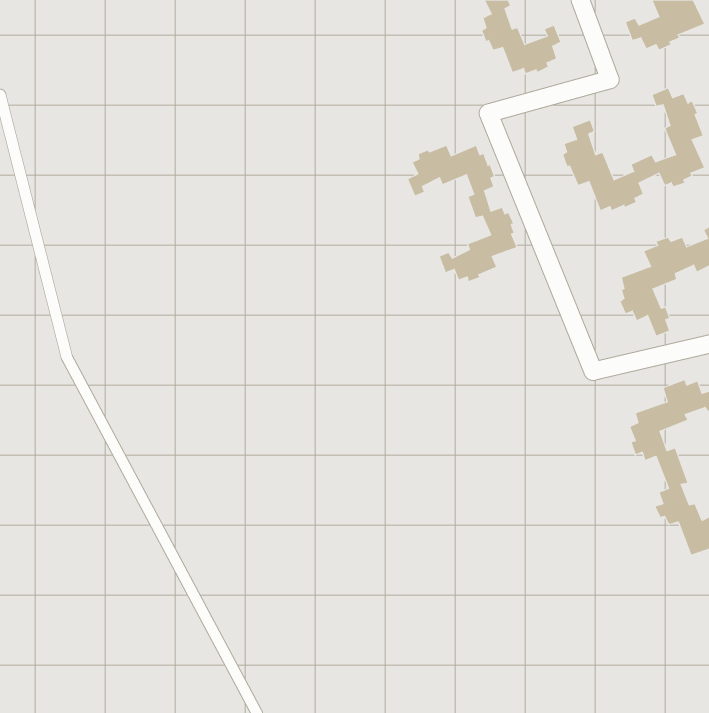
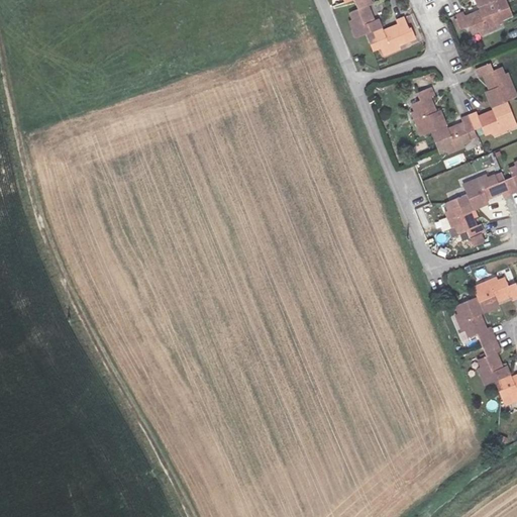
building: [408,145,517,282] -> none

